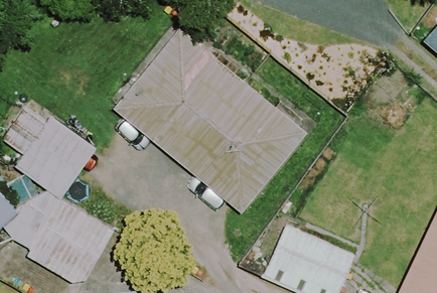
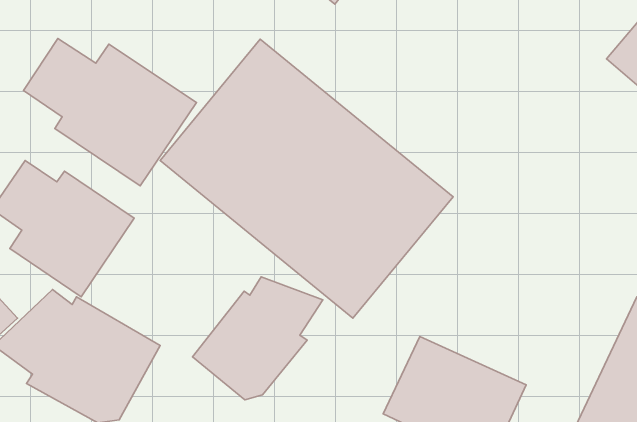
building: none -> [24,38,196,186]
building: none -> [193,277,323,400]

